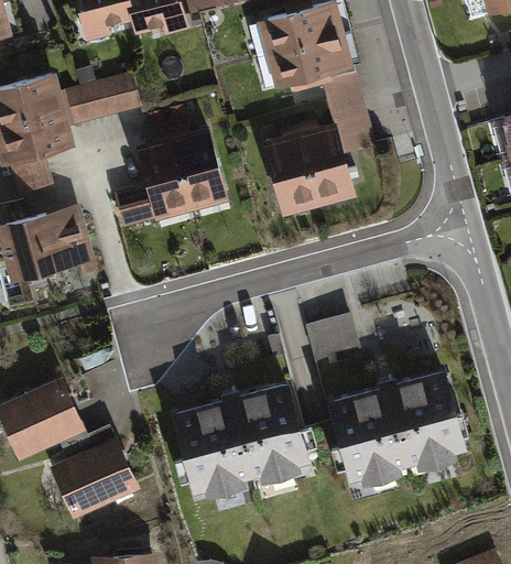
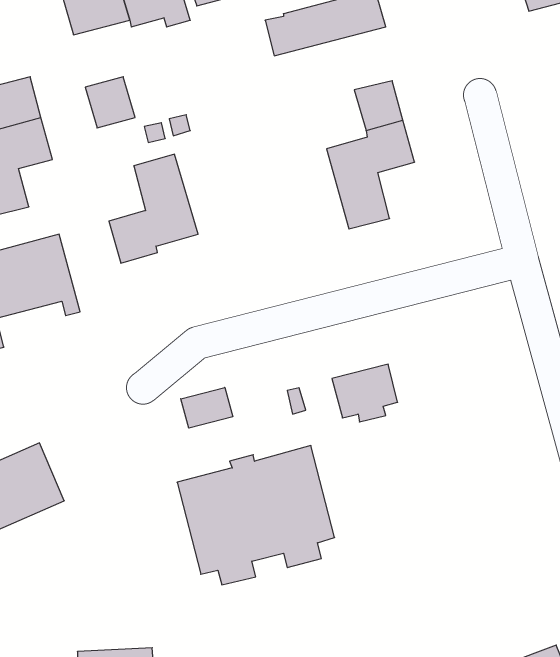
building: [257,32,359,86] -> none
building: [67,83,108,124] -> none
building: [173,129,227,206] -> none
building: [267,134,319,212] -> none
building: none -> [181,387,233,428]
building: [331,369,465,486] -> none
building: [54,440,135,514] -> none

